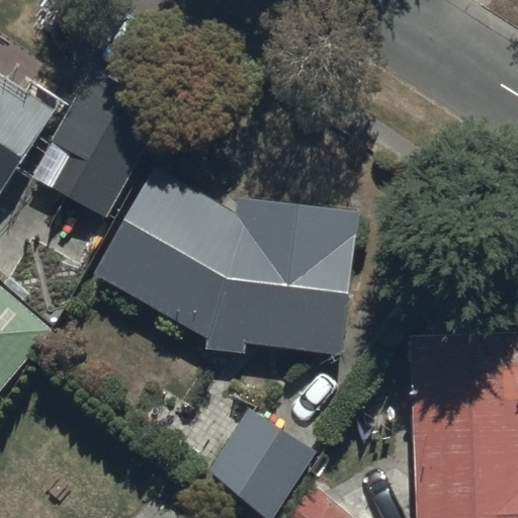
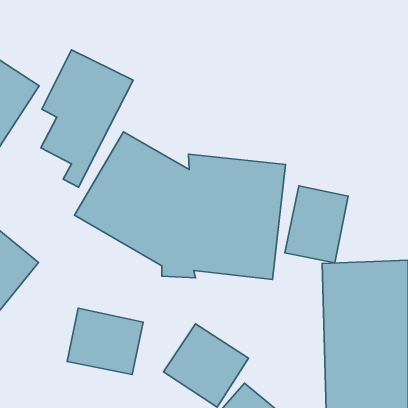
building: none -> [285,186,348,263]
building: none -> [67,308,143,375]

